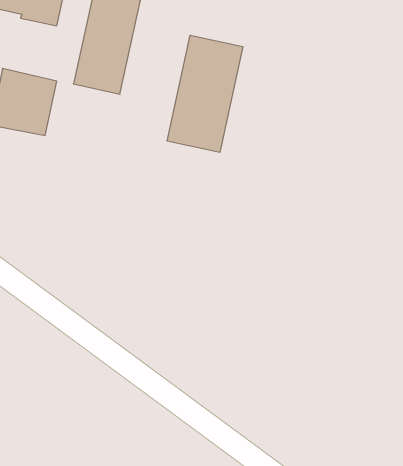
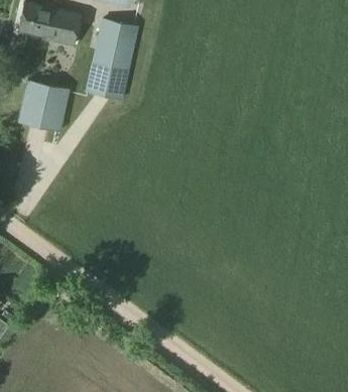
building: [167,35,243,152] -> none

